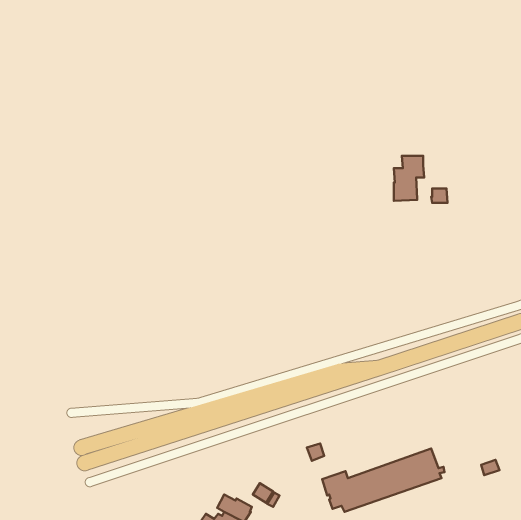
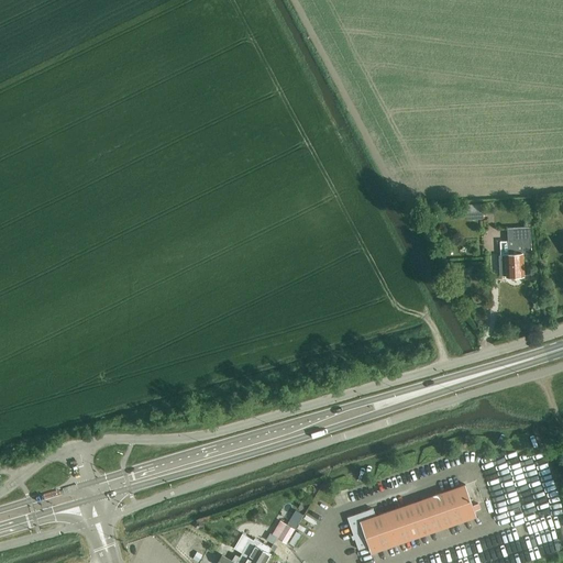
building: [394,156,424,201] -> [499,229,532,277]

